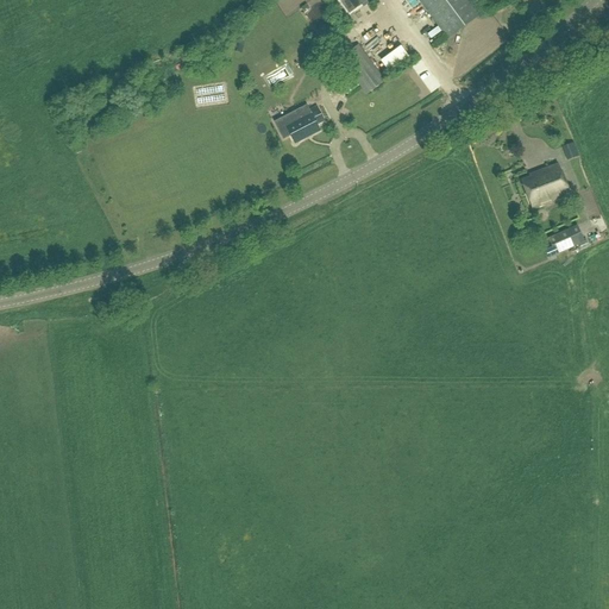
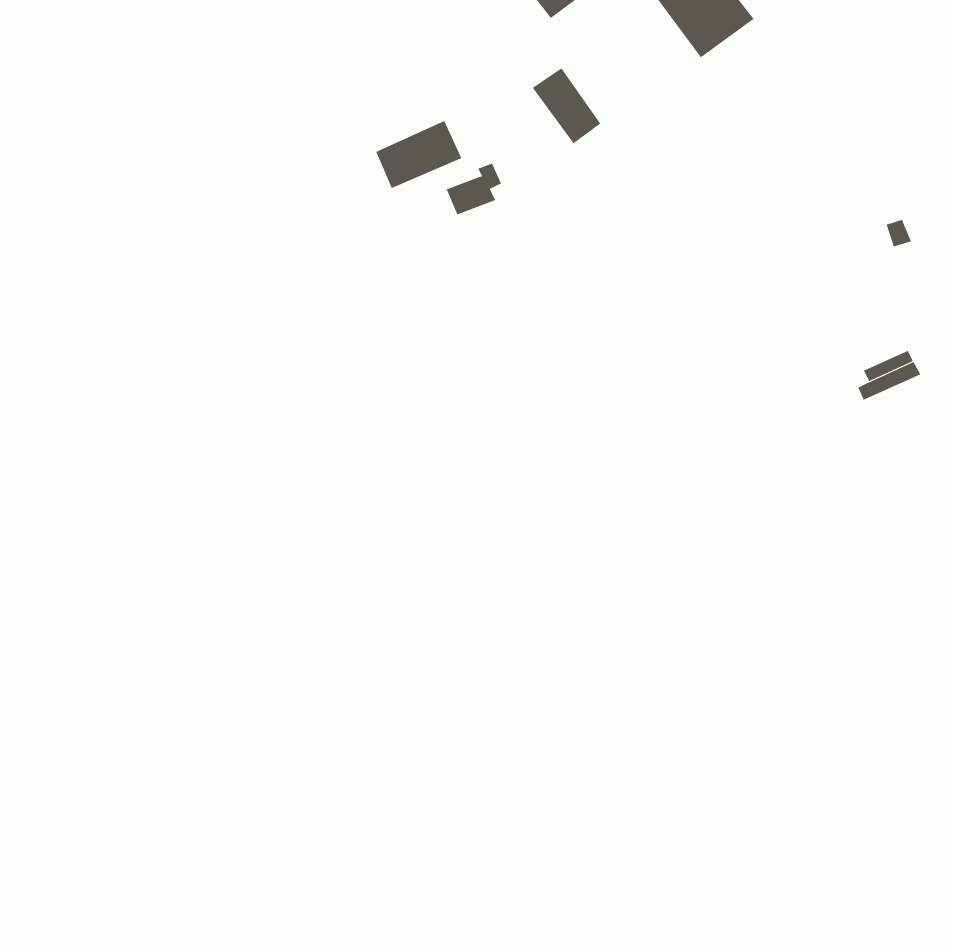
building: none -> [375,120,462,189]
building: [522,159,572,205] -> none

